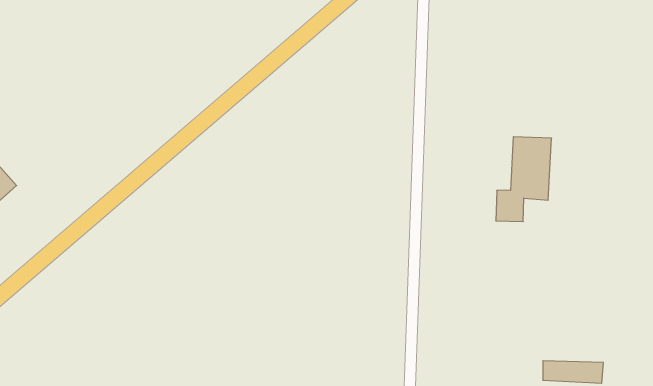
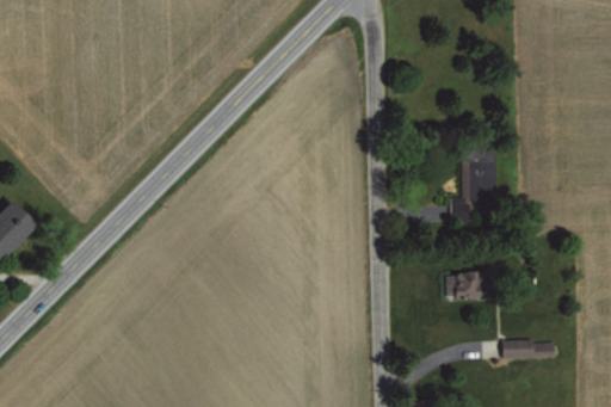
building: none -> [445,272,489,298]

